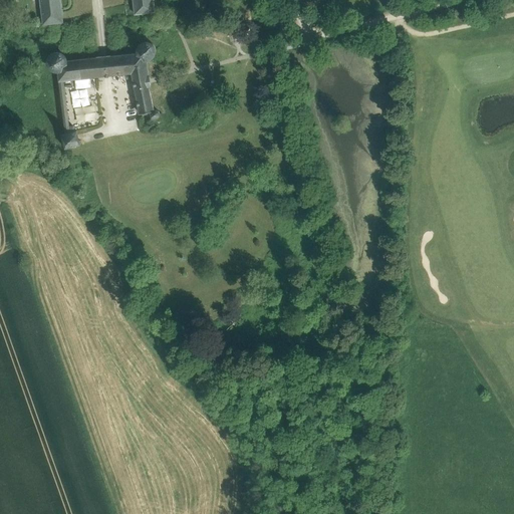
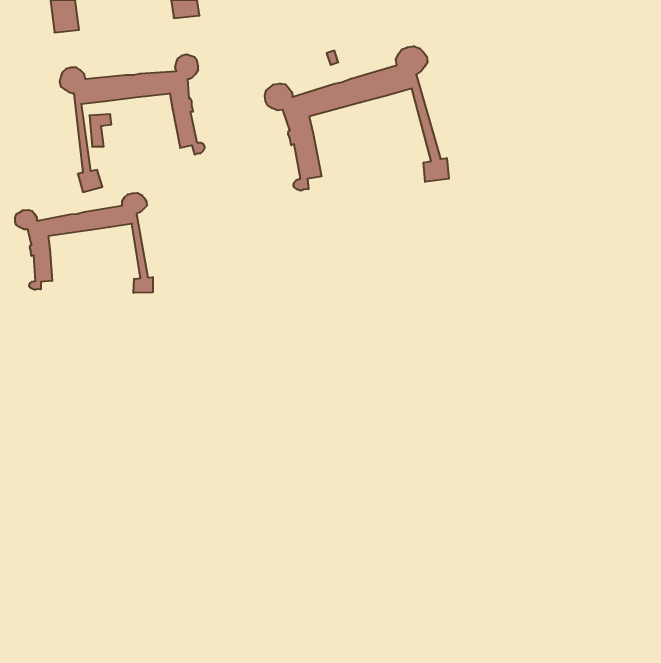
building: none -> [265,46,449,191]
building: none -> [15,193,153,293]

